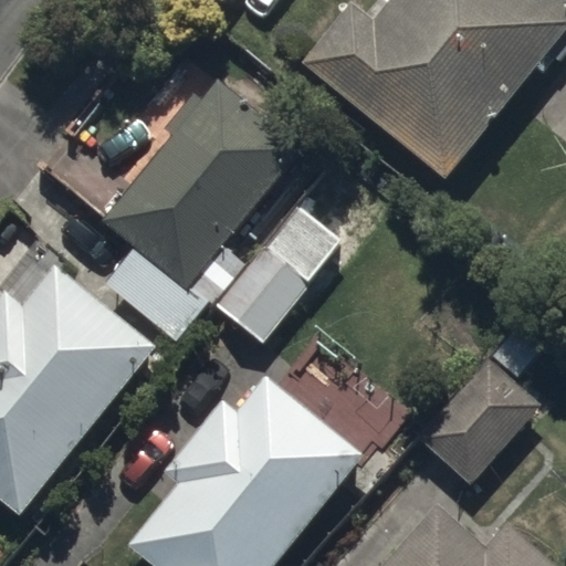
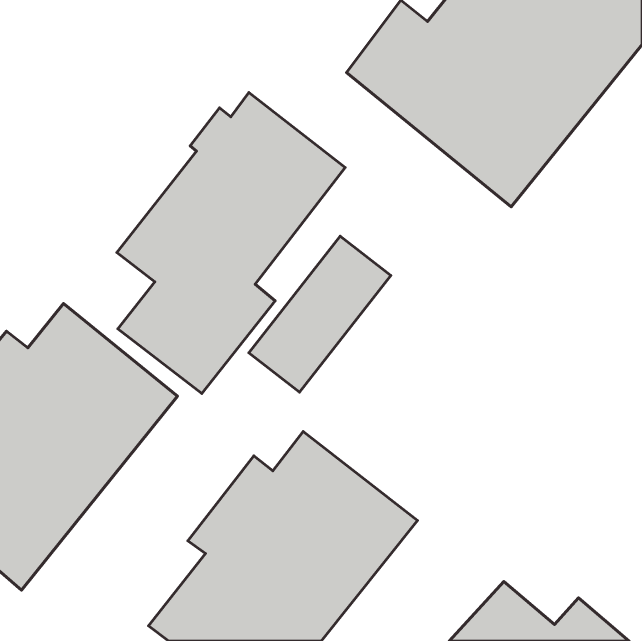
building: [418,326,539,483] -> none

